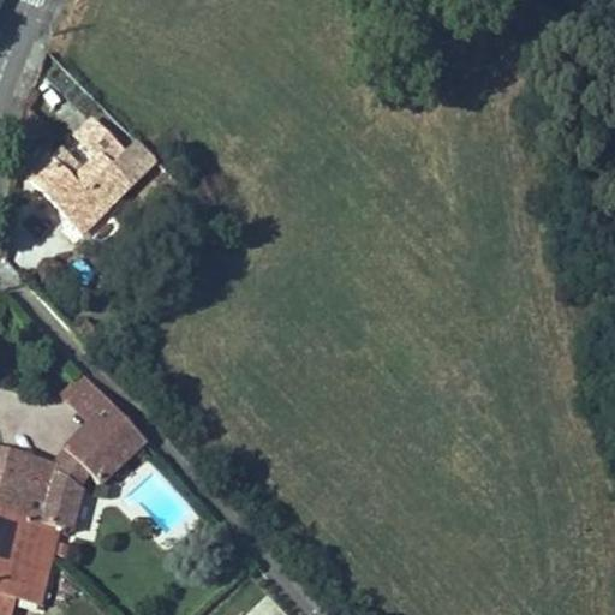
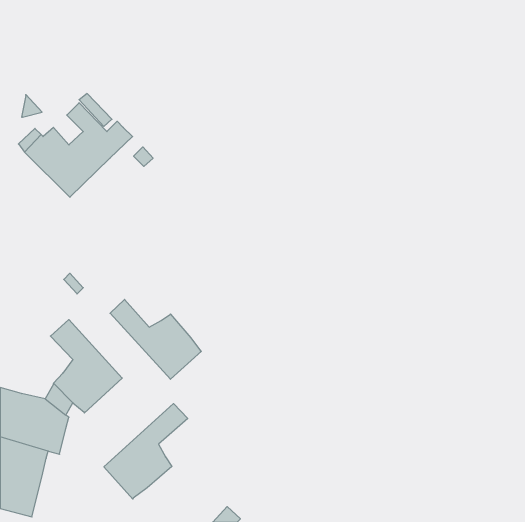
building: none -> [110,299,201,379]
building: none -> [104,404,188,499]

